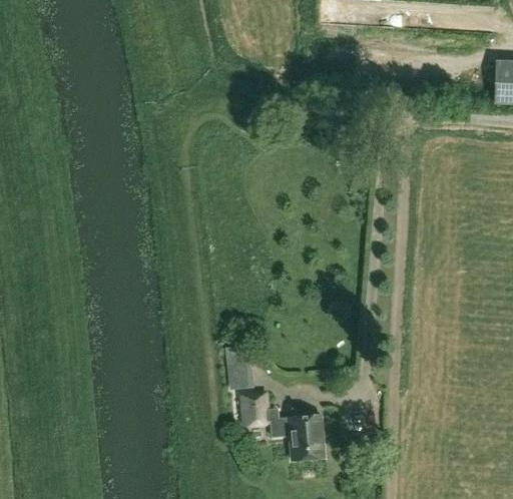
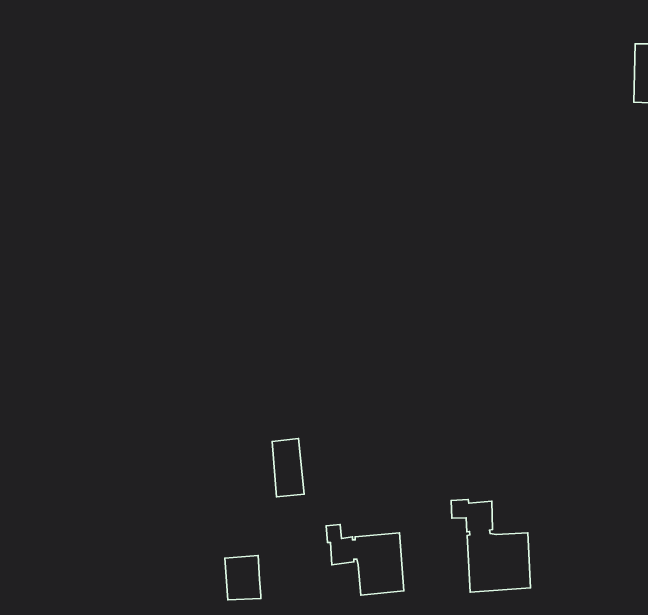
building: none -> [451,500,531,592]
building: [242,392,269,424] -> [225,556,261,600]

